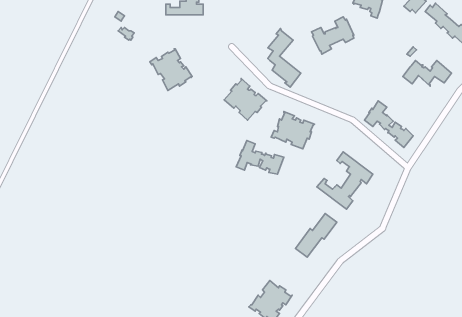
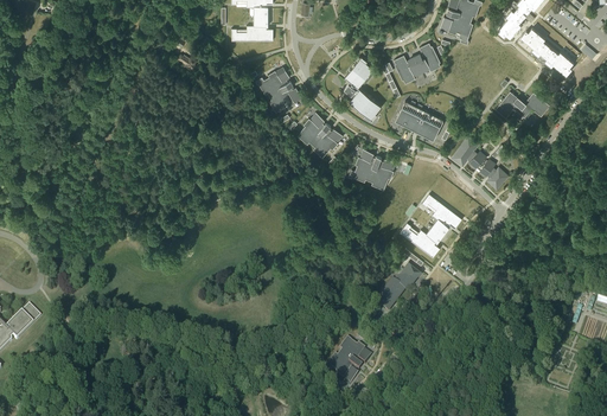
building: [150,49,192,90] -> [254,66,301,113]
building: none -> [394,101,442,140]
building: [236,141,284,174] -> none

